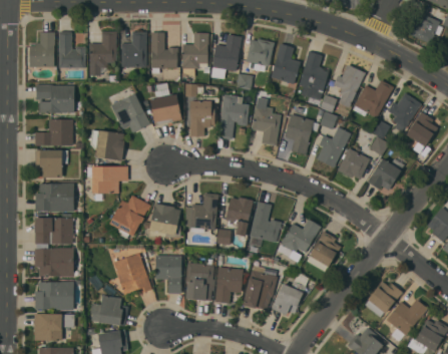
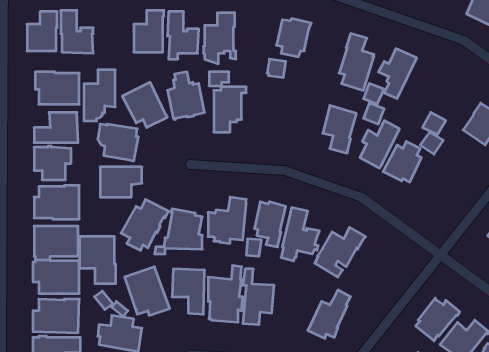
building: [89,31,116,75] -> [84,70,115,121]
building: [211,34,243,76] -> none
building: [271,43,300,84] -> none
building: [353,79,394,118] -> none
building: [387,92,422,131] -> none
building: [218,93,250,139] -> none
building: [251,105,281,145] -> none
building: [368,155,407,191] -> none
building: none -> [80,236,116,284]
building: [308,231,341,271] -> none
building: [244,265,278,309] -> none

